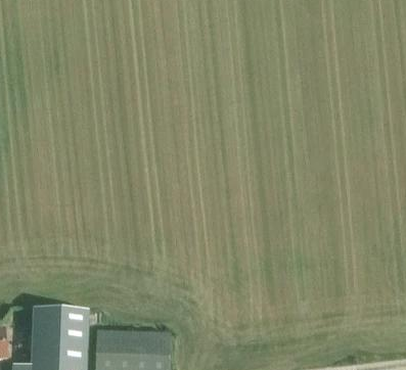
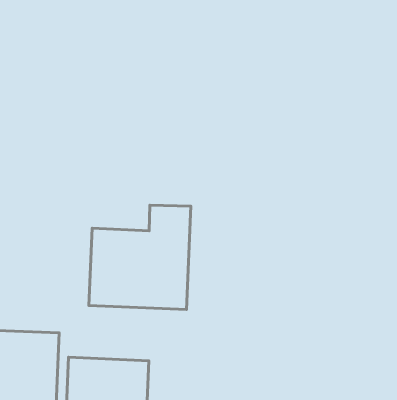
building: none -> [89,205,191,309]

